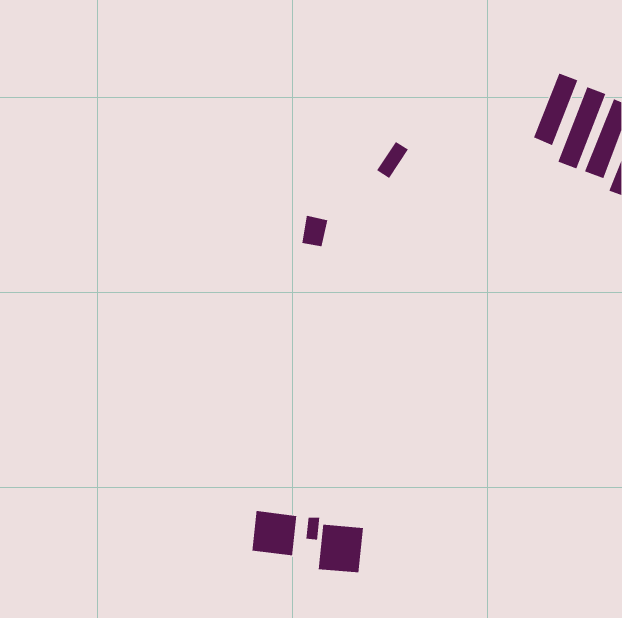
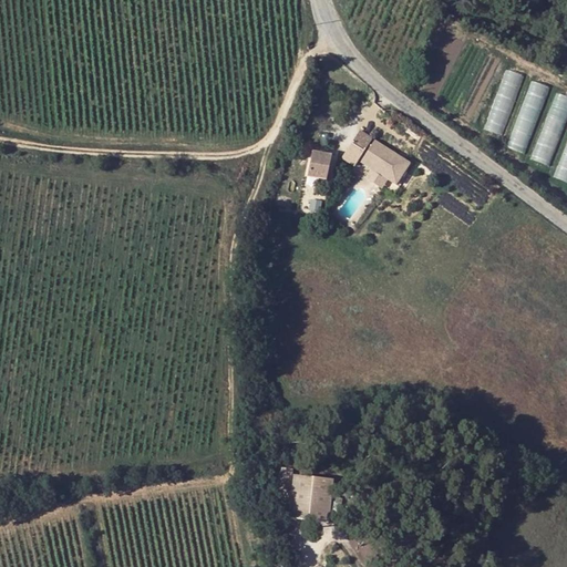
building: none -> [361,138,409,182]
building: [301,215,328,247] -> [308,150,332,178]
building: [252,510,297,556] -> none

